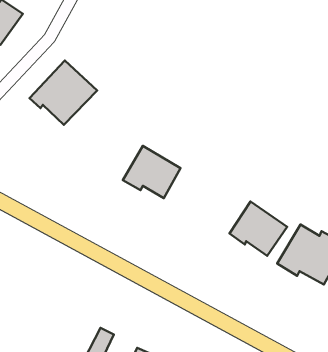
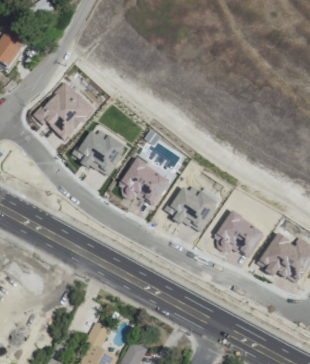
building: none -> [72,126,125,177]
building: none -> [166,182,218,233]

